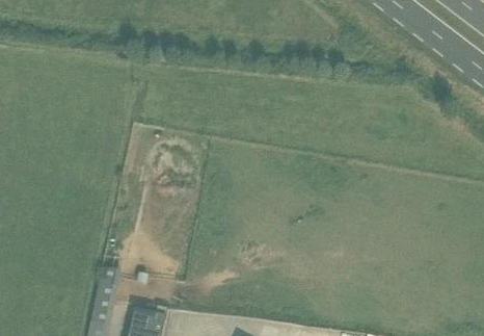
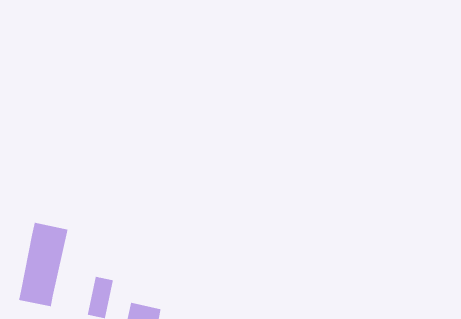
building: none -> [18,222,68,307]

